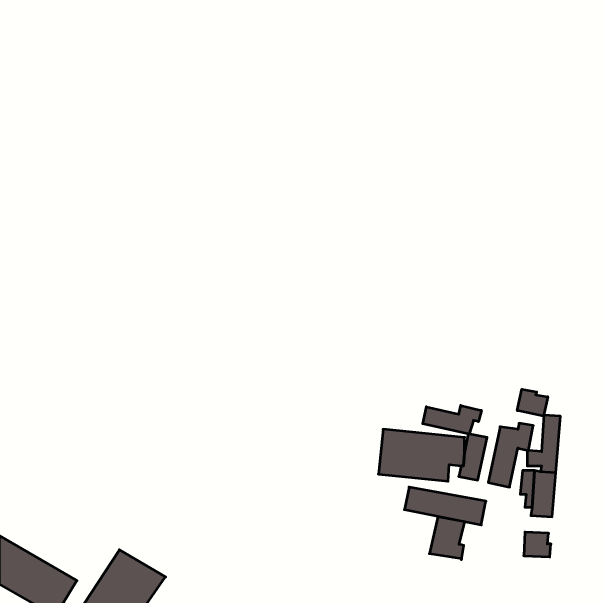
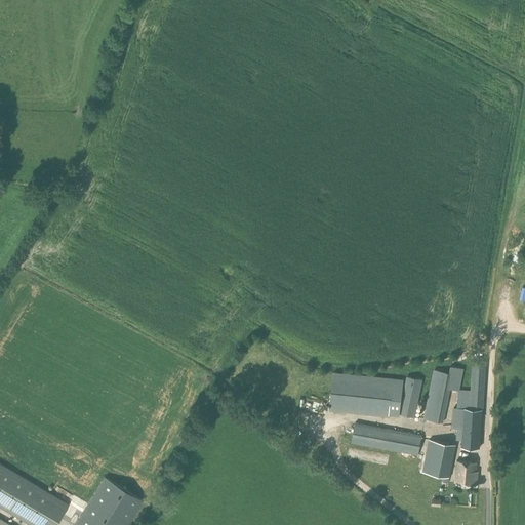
building: [517,389,548,416] -> none
building: [423,405,481,434] -> none
building: [429,517,465,560] -> [421,441,452,478]

